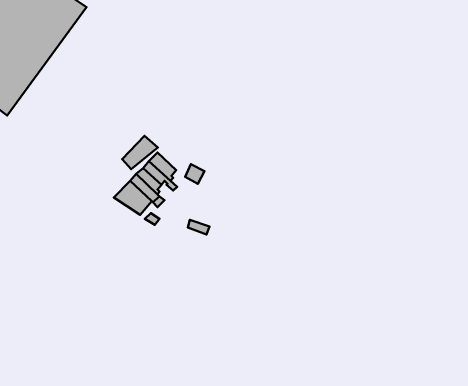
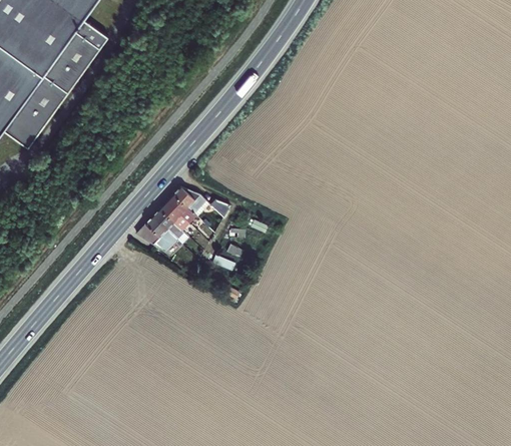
building: [122,136,158,169] -> none

